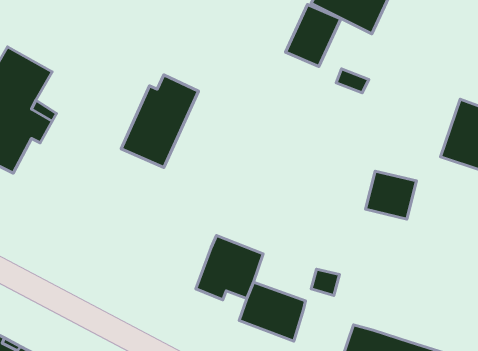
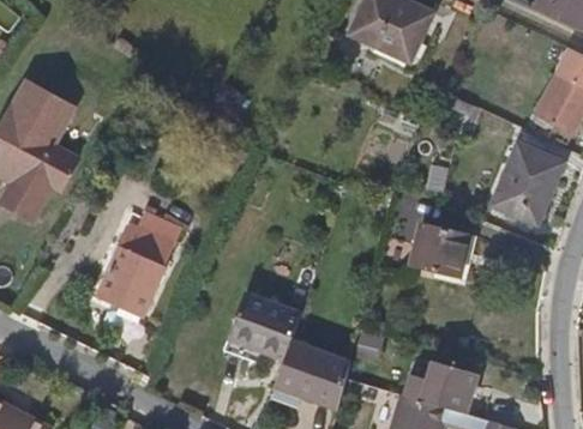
building: [286,5,341,67] -> none
building: [121,75,198,167] -> [100,210,185,312]
building: none -> [422,361,475,410]

